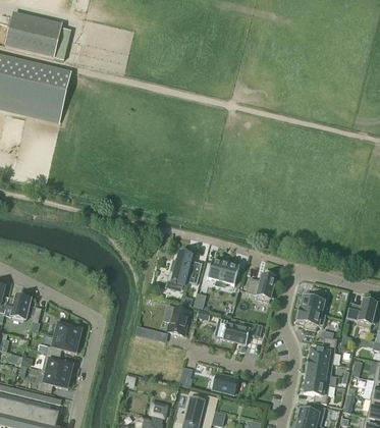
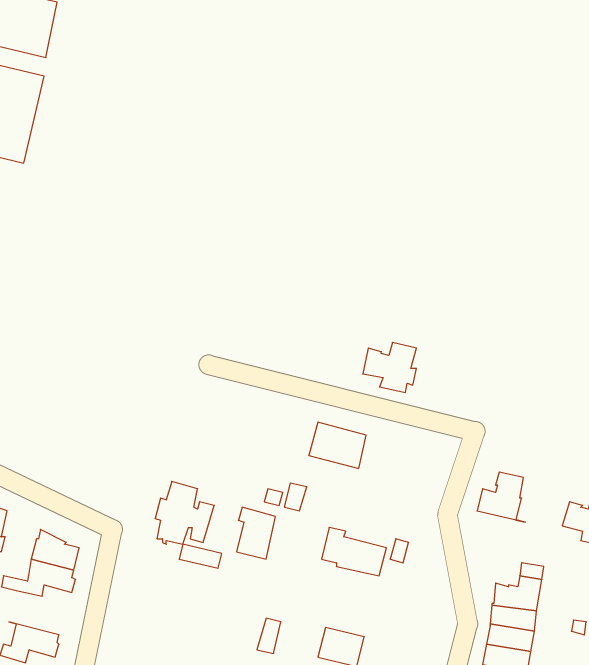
building: [169,250,202,284] -> [155,481,214,544]
building: [246,274,275,302] -> [363,342,416,392]
building: [294,308,326,330] -> none
building: [42,352,72,376] -> none

